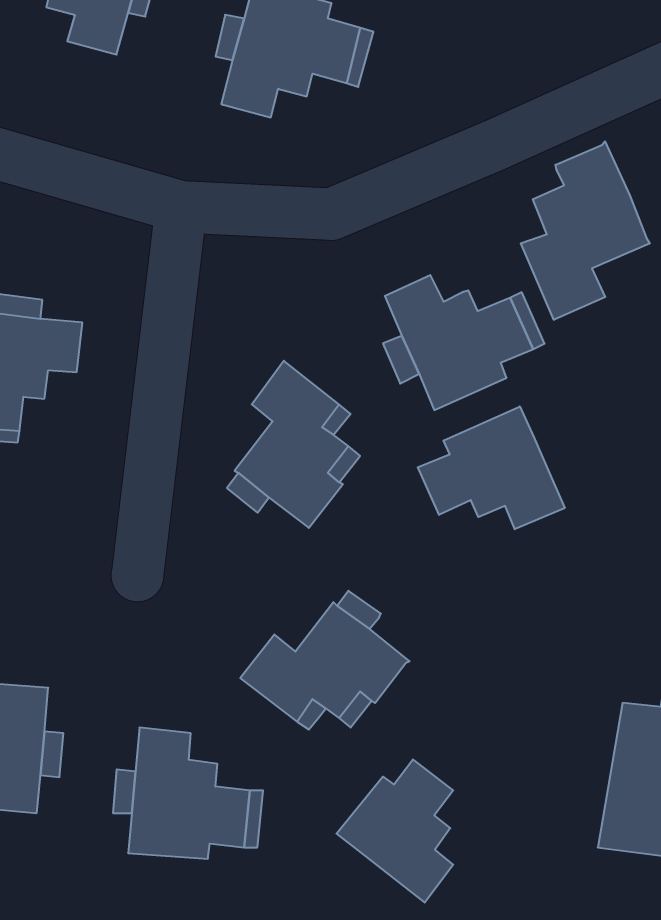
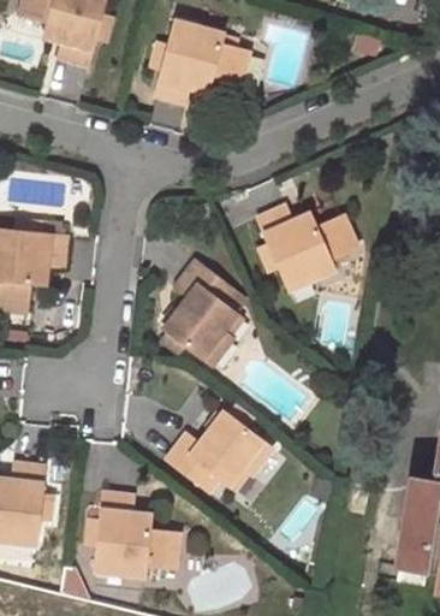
building: [521,141,650,320] -> none
building: [418,406,565,529] -> none
building: [336,759,453,903] -> none

